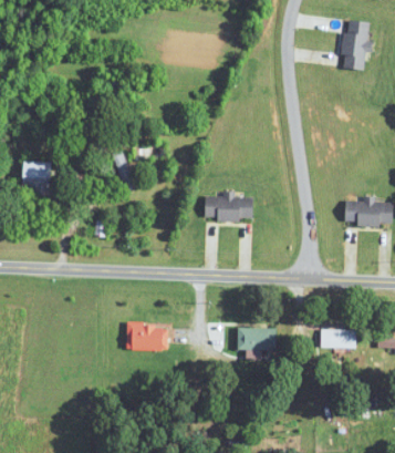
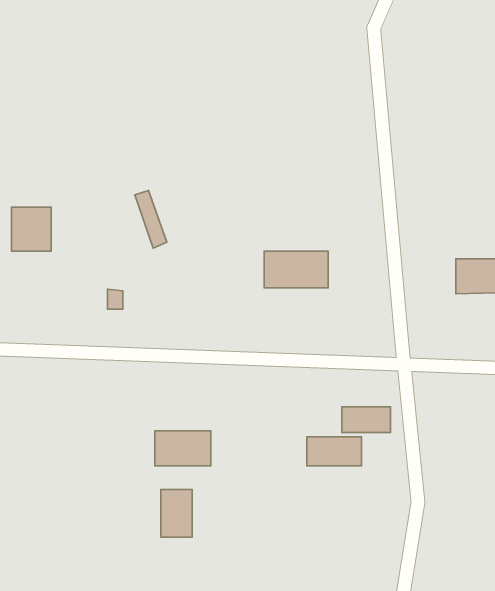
building: [343,21,367,69] -> none
building: [321,329,356,348] -> [342,407,391,433]
building: none -> [161,490,192,537]

